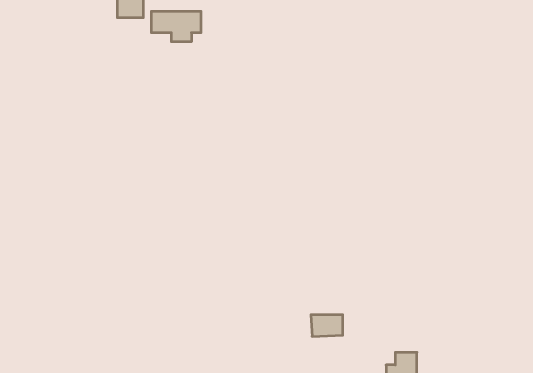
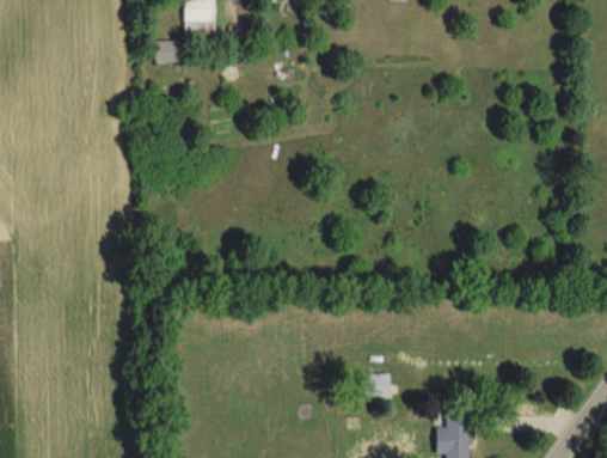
building: [151,11,201,42] -> none

